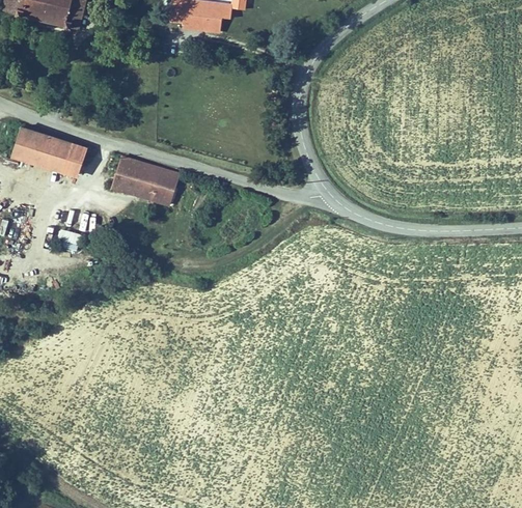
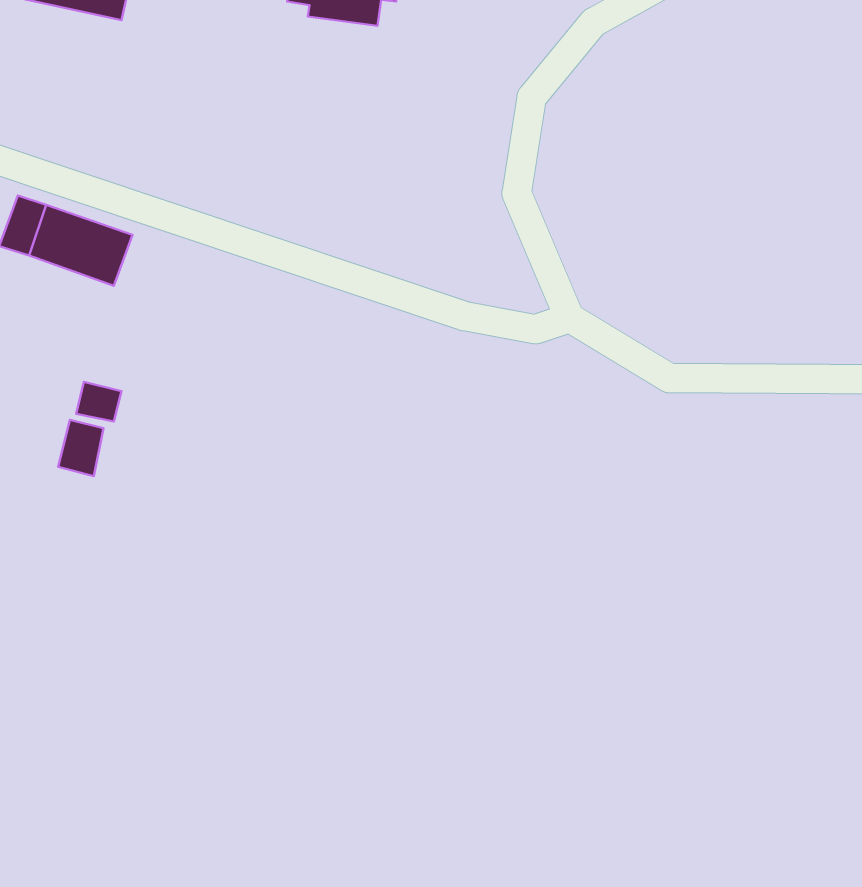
building: [112,158,177,205] -> none
building: none -> [58,420,104,476]

